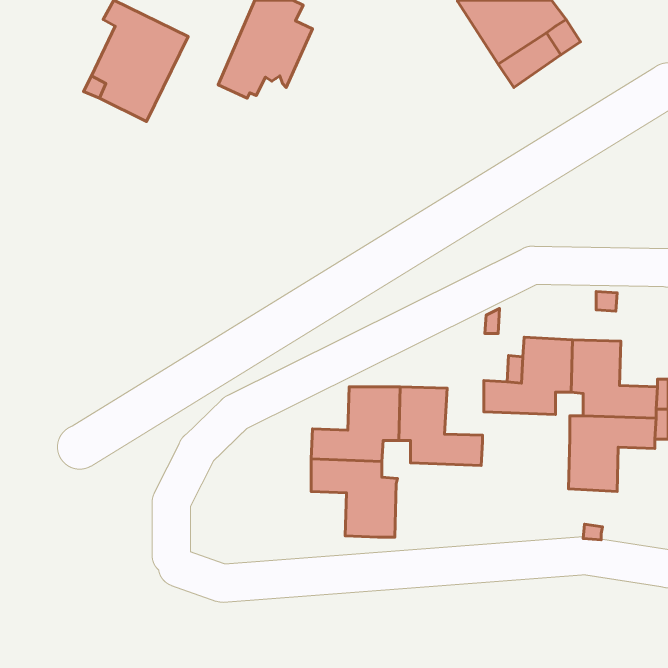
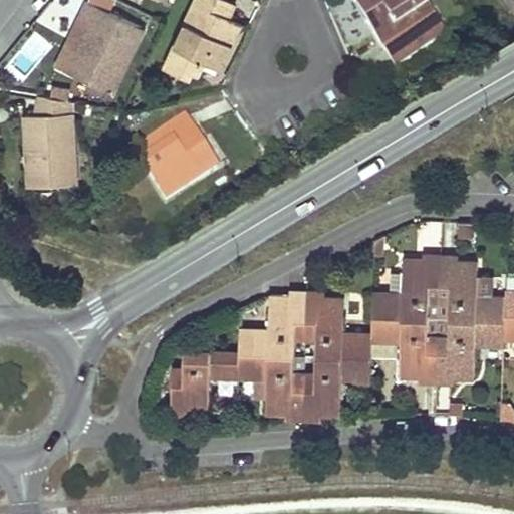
building: none -> [23,94,71,185]
building: none -> [134,117,216,199]
building: none -> [370,316,438,375]
building: none -> [171,350,239,410]
building: none -> [303,355,369,415]

